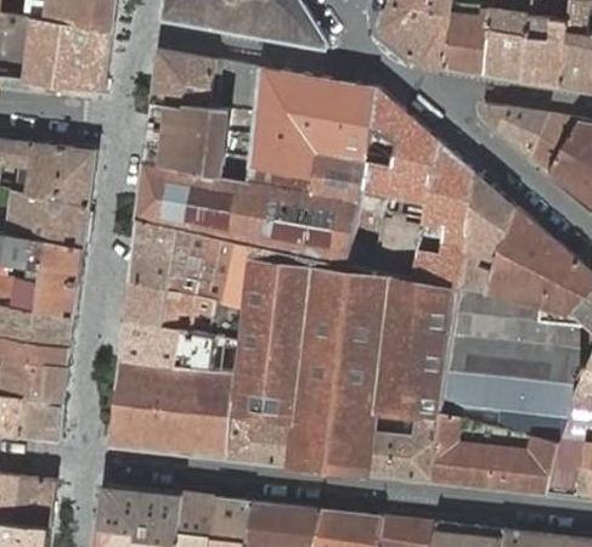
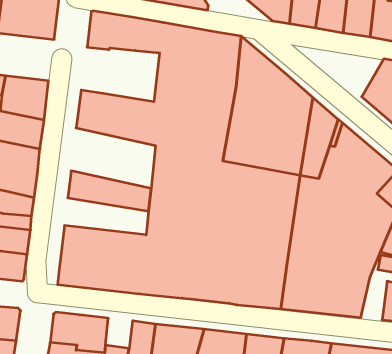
building: [143,102,256,181] -> none
building: [481,103,580,174] -> none
building: [129,219,250,306] -> none
building: [119,320,241,373] -> none
building: [547,434,585,496] -> none
building: [179,494,218,537] -> none

